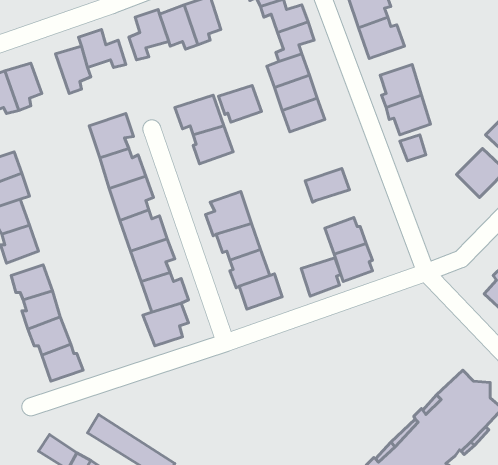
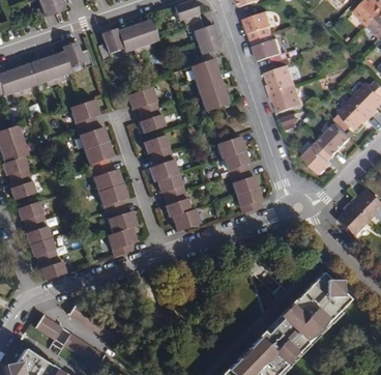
building: none -> [30,58,56,88]
building: [219,86,261,122] -> [143,134,172,158]
building: none -> [302,140,333,173]
building: [301,258,341,296] -> [223,150,250,176]

